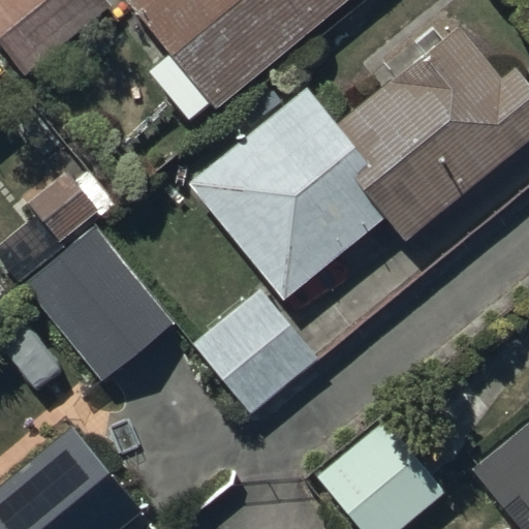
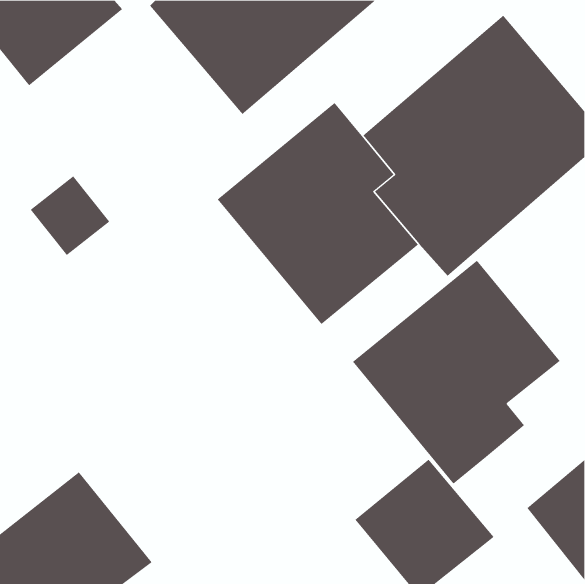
building: [23,227,172,380] -> none
building: none -> [352,260,561,484]
building: [193,290,319,415] -> none

